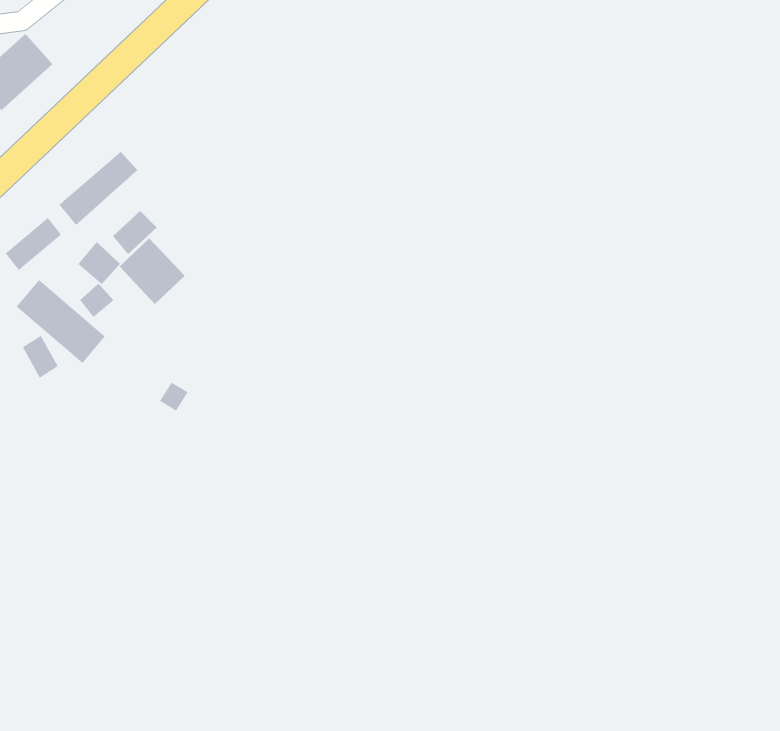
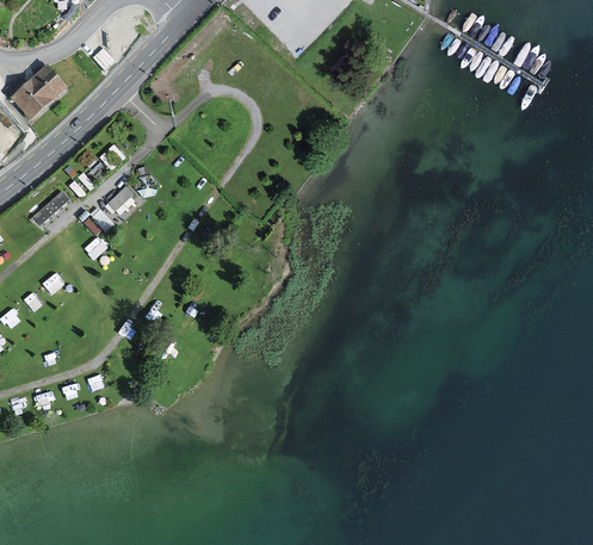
building: [119,237,186,305] -> none
building: [16,279,106,364] -> none

